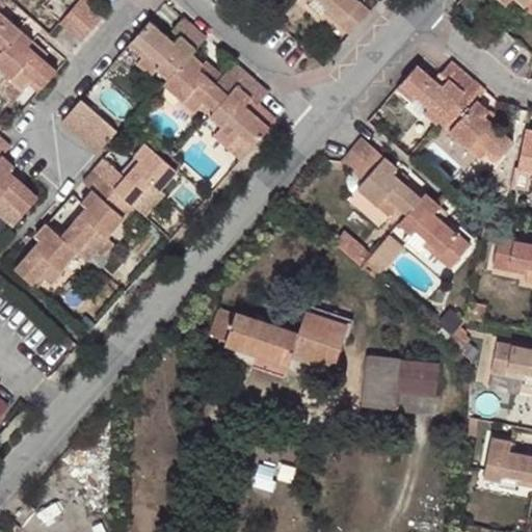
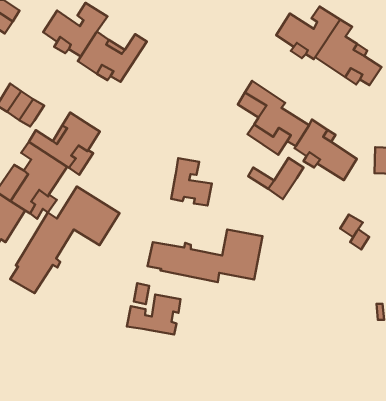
building: [209,74,268,151] -> none
building: none -> [171,158,212,206]
building: none -> [10,186,119,293]
building: [366,356,436,409] -> none
building: none -> [127,295,181,334]

